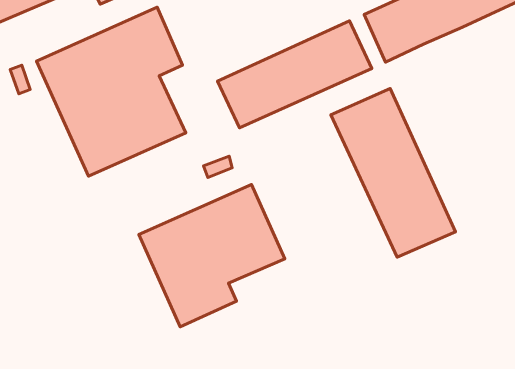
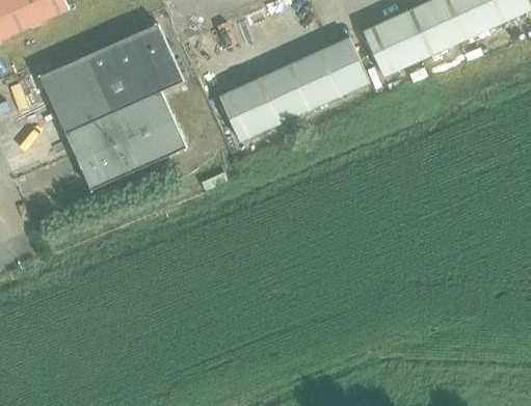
building: [331,88,455,257] -> none
building: [139,184,285,327] -> none

